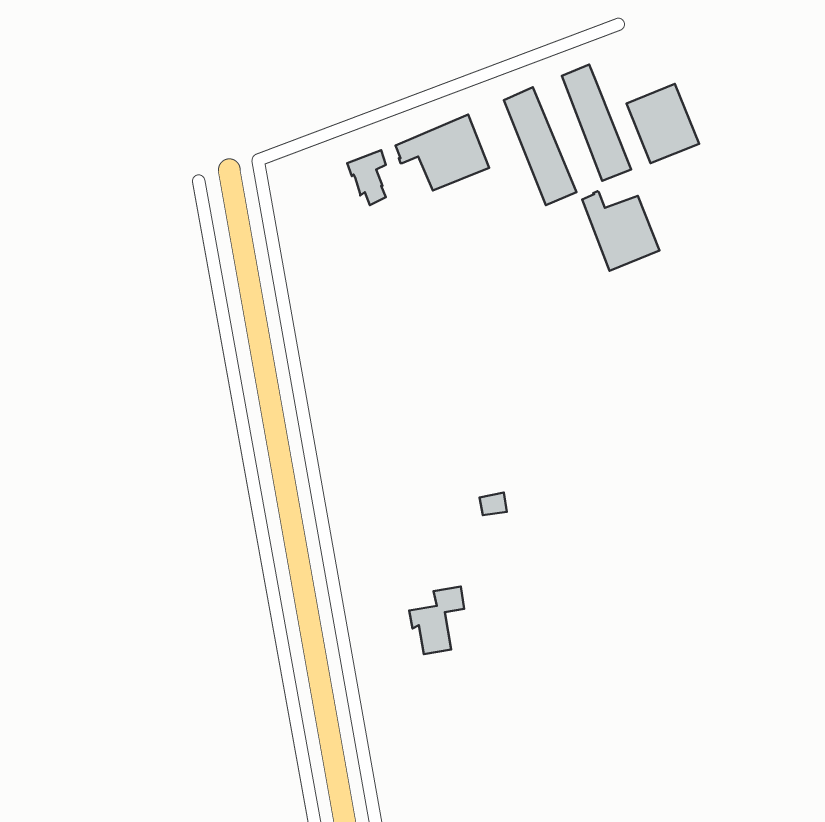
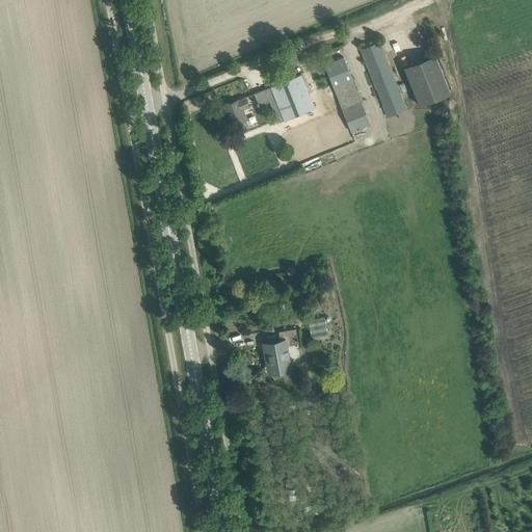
building: [582,191,660,271] -> none
building: [409,586,464,654] -> [263,330,298,374]

